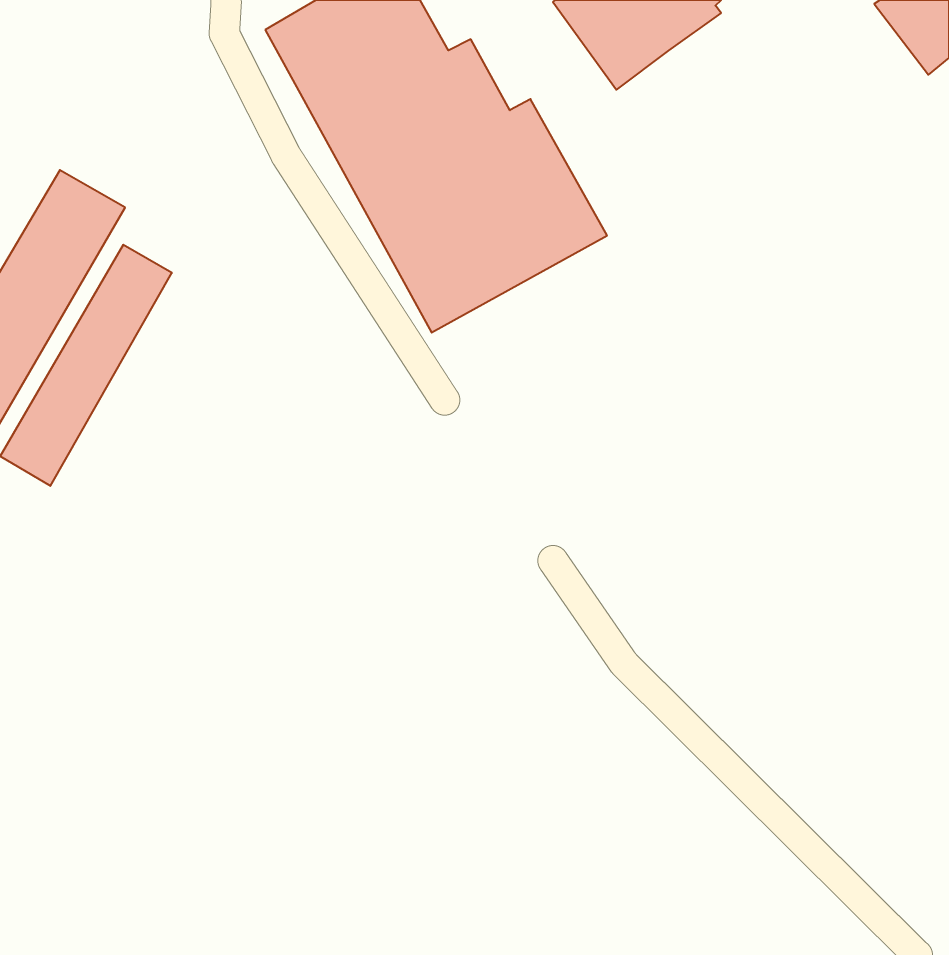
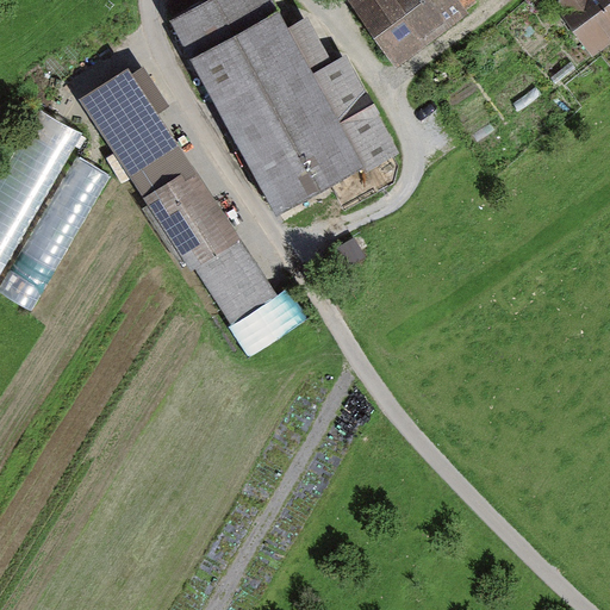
building: none -> [91,85,306,357]

